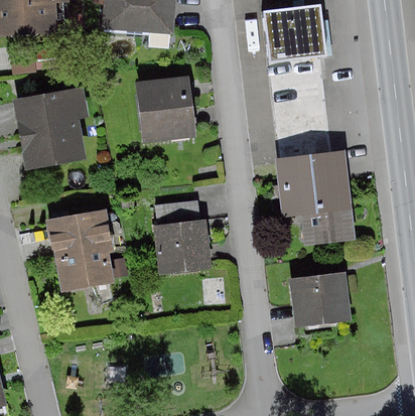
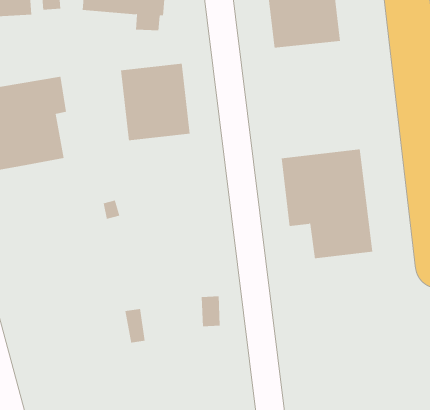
building: [152,200,212,275] -> none
building: [45,210,126,293] -> none
building: [288,272,351,327] -> none

